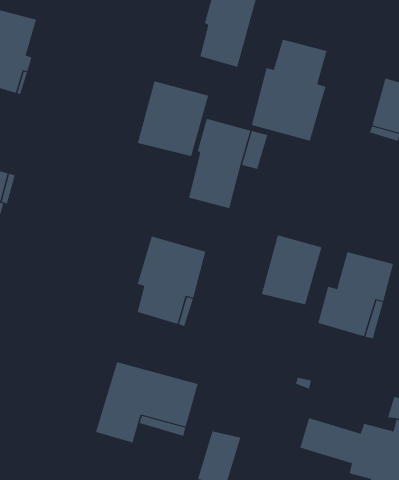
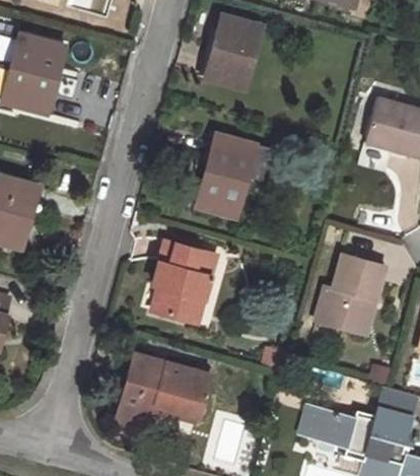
building: [251,39,327,141] -> none
building: [137,80,209,157] -> none
building: [261,235,322,305] -> none

